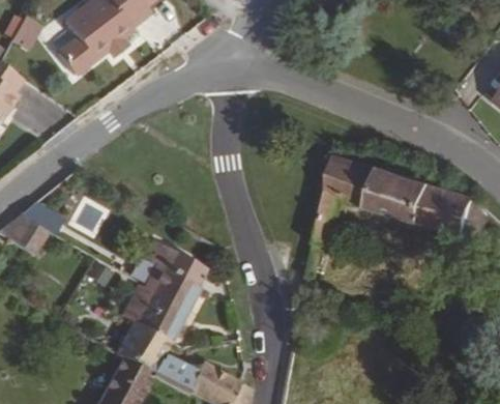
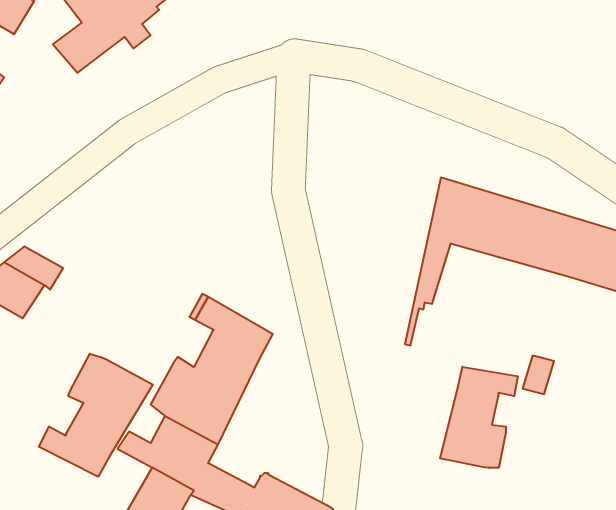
building: none -> [39,354,153,477]
building: none -> [440,367,518,468]

